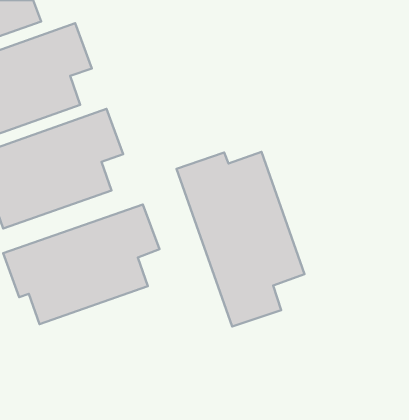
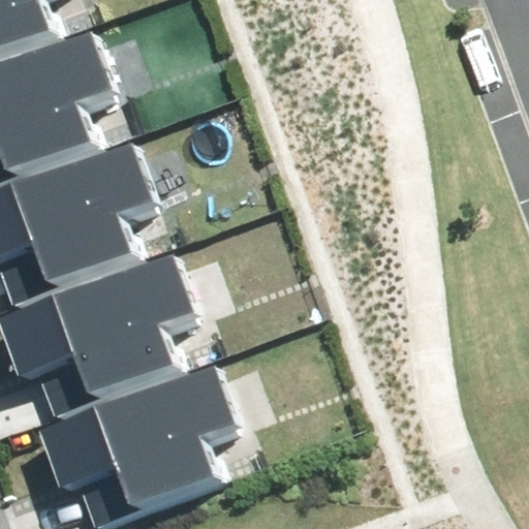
building: [176,152,305,326] -> none
building: none -> [38,370,234,520]

